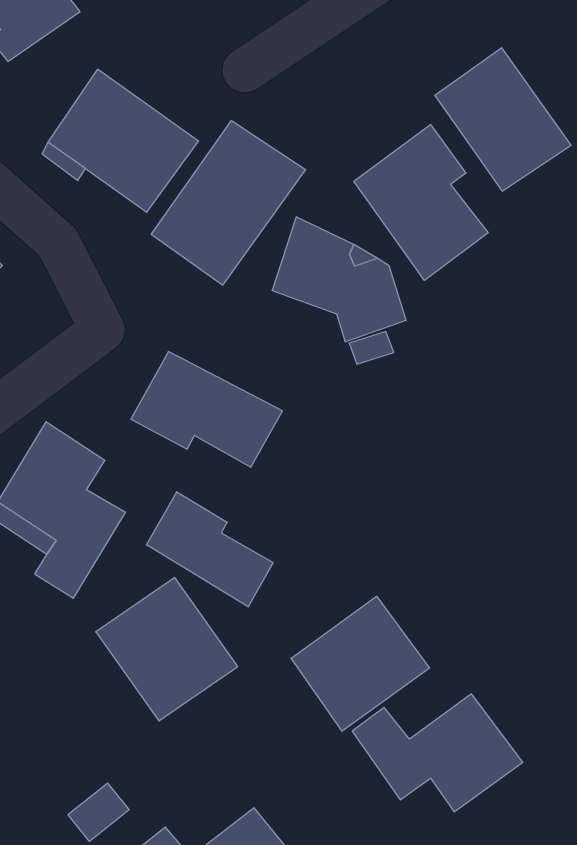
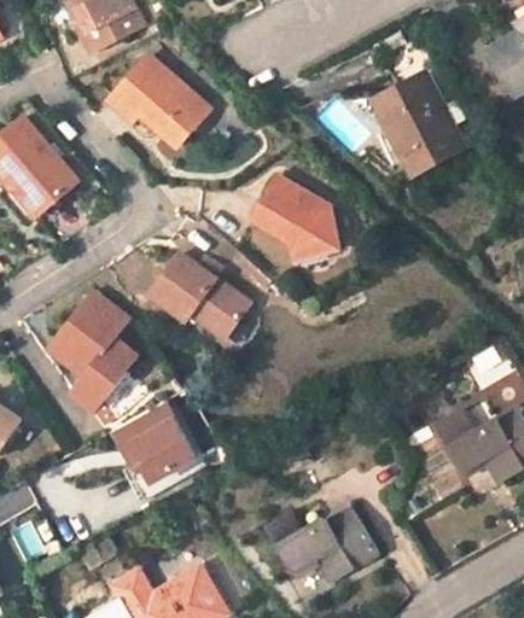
building: [151,121,305,285] -> none
building: [354,125,488,280] -> none
building: [146,492,273,607] -> none
building: [291,596,429,731] -> none

